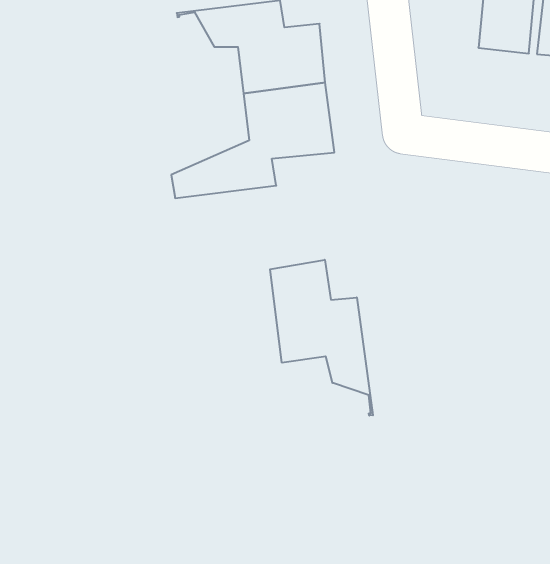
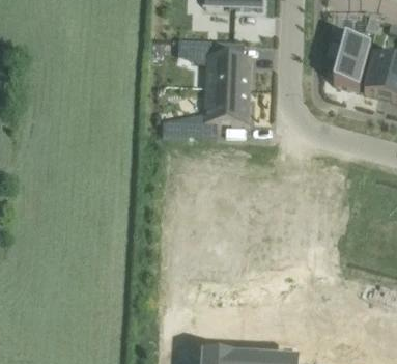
building: [270,260,373,416] -> none

